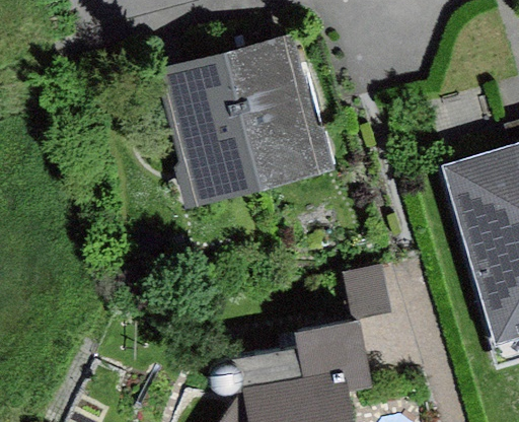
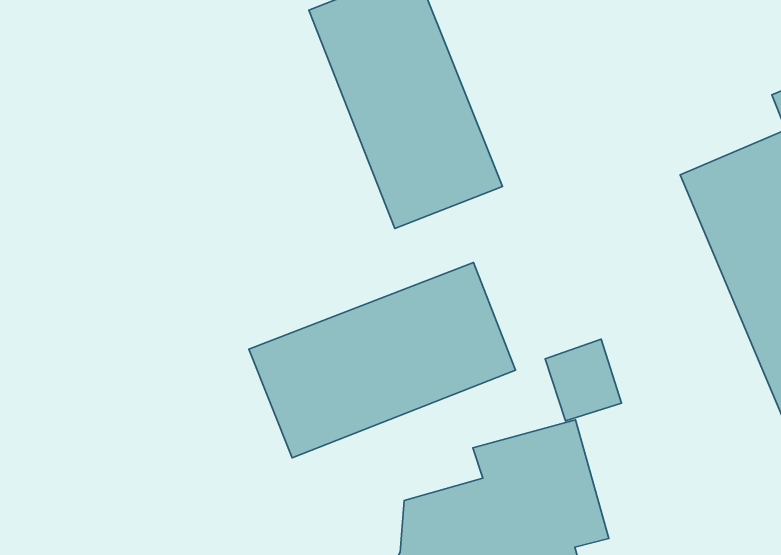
building: [155,47,266,206] -> none
building: none -> [249,263,516,458]

